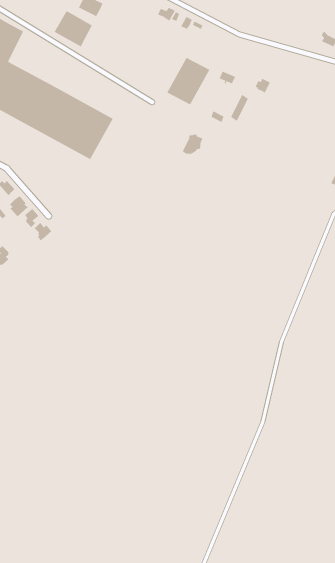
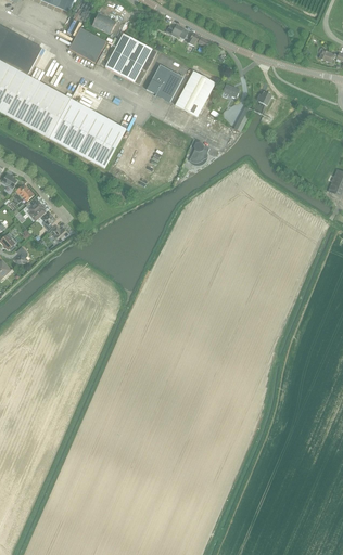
building: none -> [104,33,156,83]
building: none -> [145,64,182,101]

